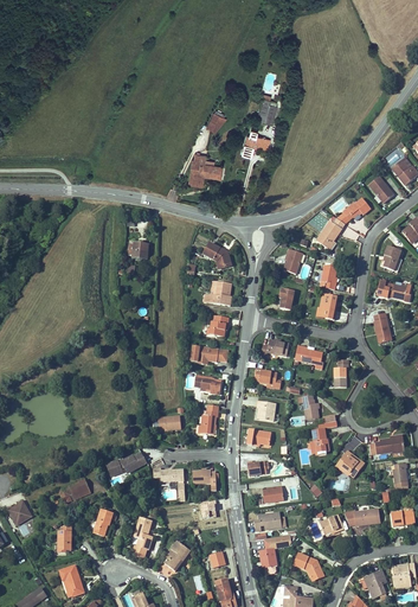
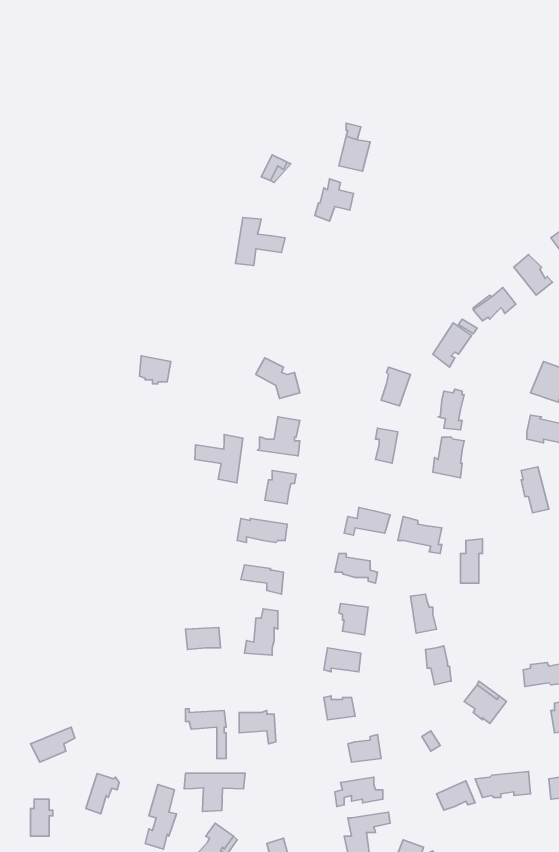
building: none -> [195,435,243,483]
building: [105,448,146,475] -> none
building: none -> [184,773,245,812]

